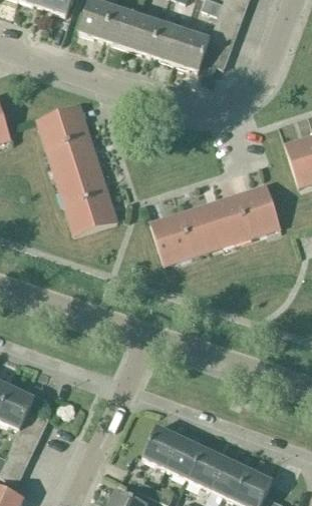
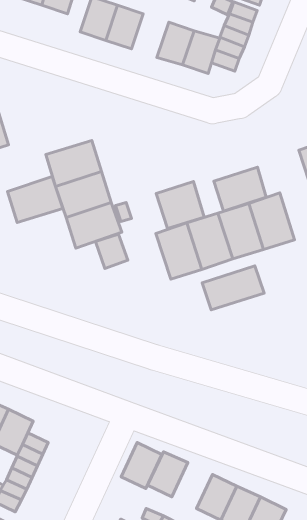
building: [126,15,162,56] -> none
building: [37,104,89,147] -> [7,177,63,222]
building: none -> [214,167,266,211]
building: none -> [156,181,204,229]
building: none -> [95,234,128,268]
building: none -> [202,266,264,310]
building: [165,437,203,480] -> [121,443,162,488]

